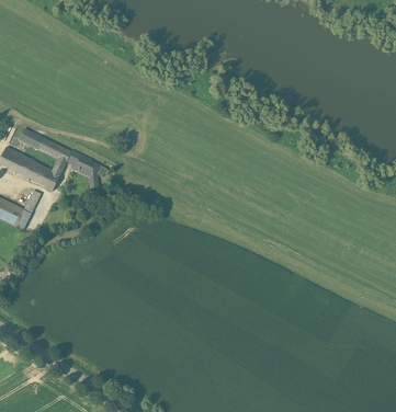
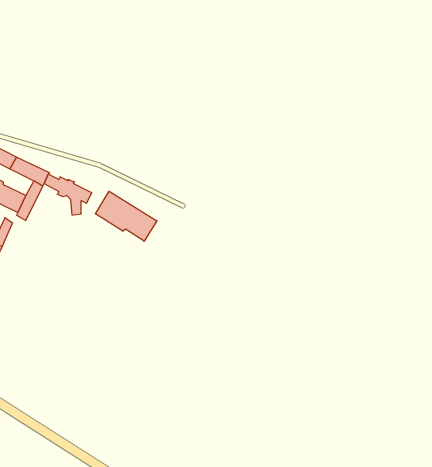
building: none -> [95,191,157,241]

